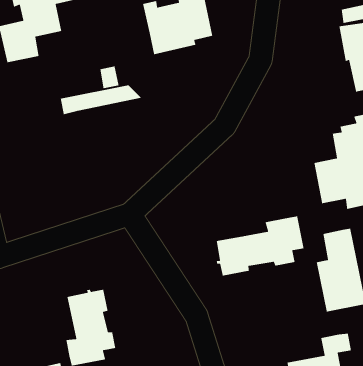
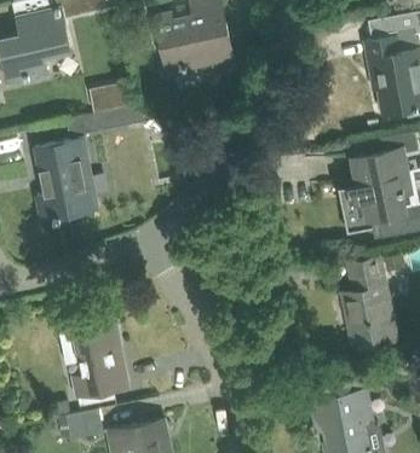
building: none -> [35,140,97,221]
building: [216,216,304,276] -> none

